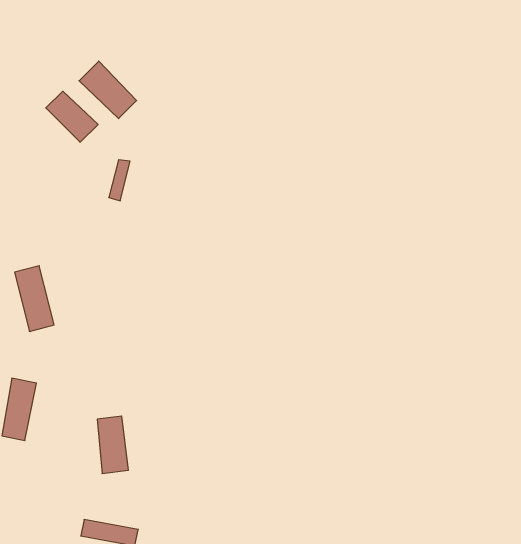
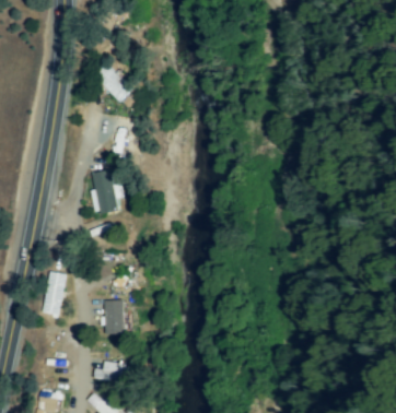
building: [46,91,98,142] -> none
building: [15,266,54,331] -> [92,169,118,213]

